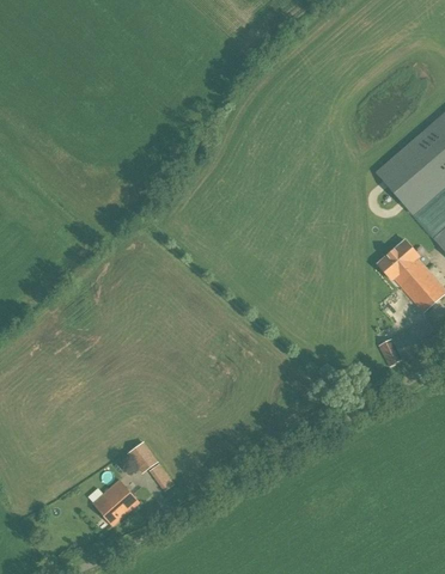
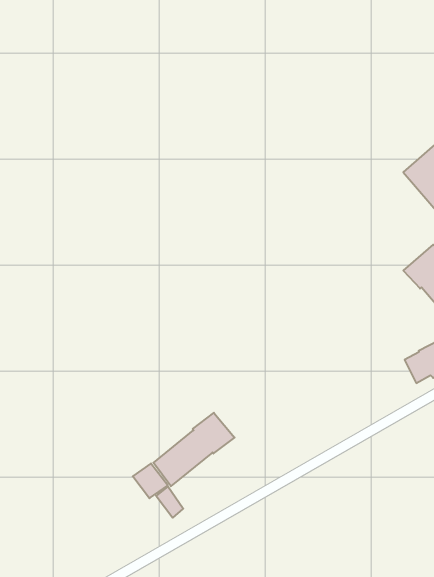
building: none -> [153,413,235,486]
building: [91,480,139,525] -> none

